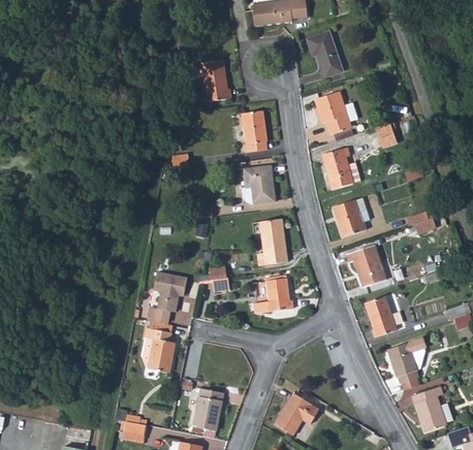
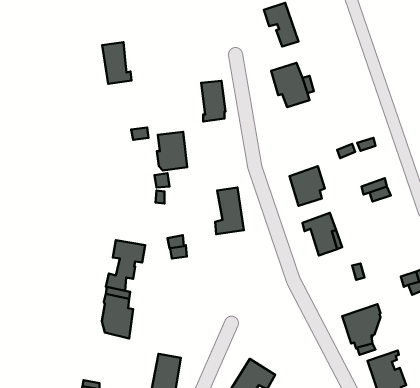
building: [200,59,230,101] -> [102,42,132,84]
building: [376,121,400,148] -> none
building: [322,147,360,189] -> none
building: [243,166,274,205] -> [157,132,187,170]
building: [253,279,291,314] -> none
building: [365,296,397,338] -> none

